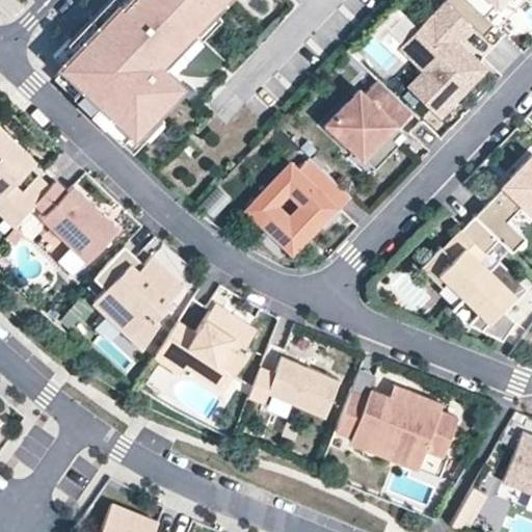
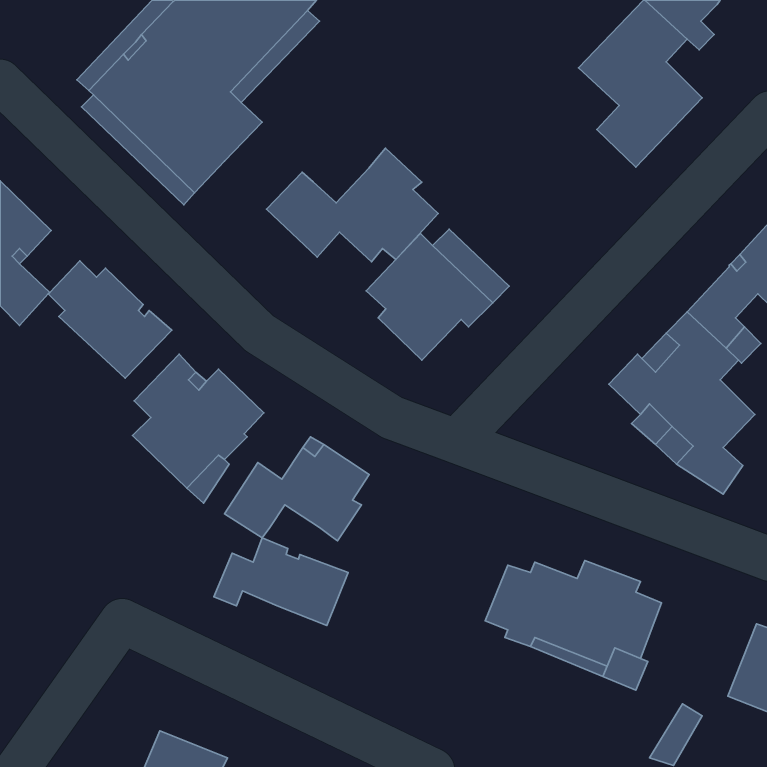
building: [325,80,414,169] -> none
building: none -> [266,148,438,262]
building: [249,356,342,417] -> [214,538,348,625]

